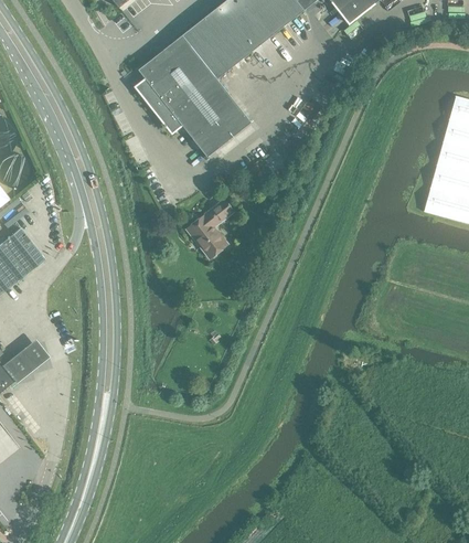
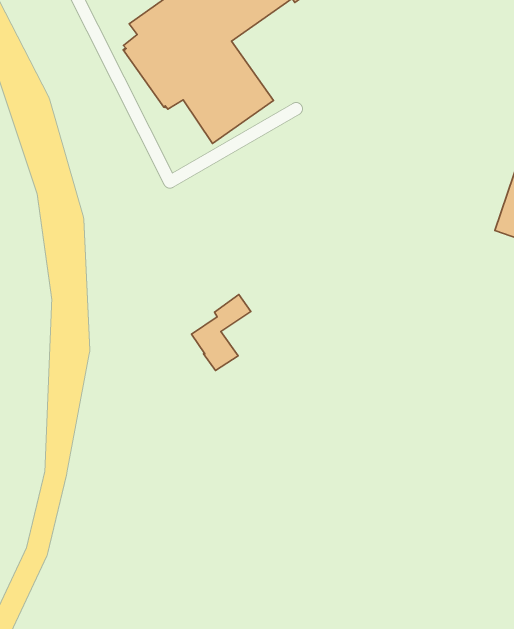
building: [190,199,234,257] -> [191,295,251,371]

